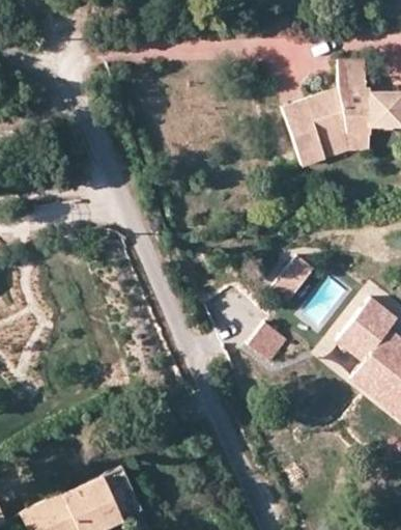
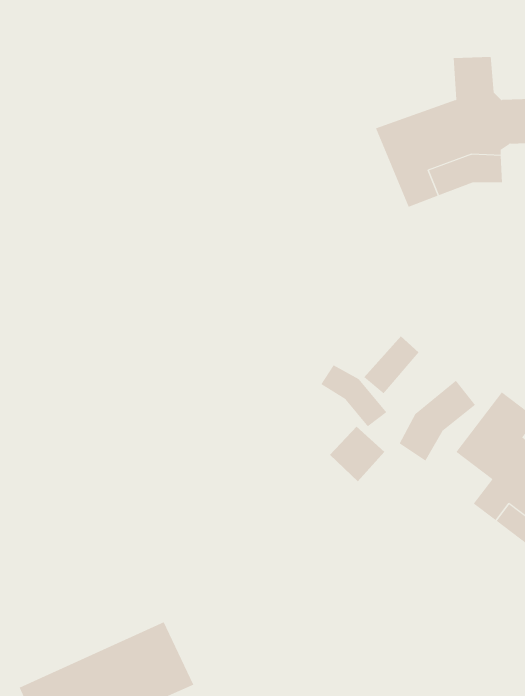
building: none -> [320,364,387,427]
building: none -> [399,380,476,462]

